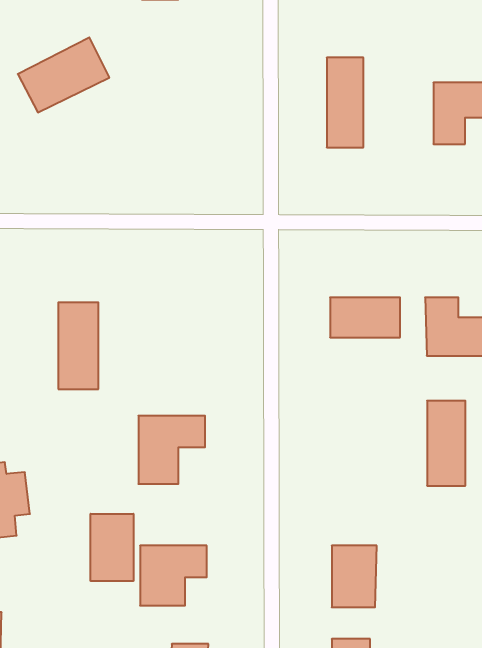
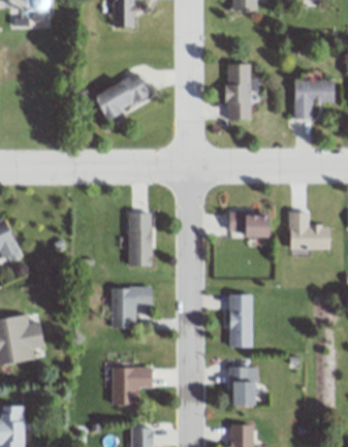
building: [18,37,109,112] -> [95,72,152,119]
building: [58,302,98,389] -> [128,213,153,266]
building: [427,401,465,486] -> [228,294,252,347]
building: [91,514,133,581] -> none

